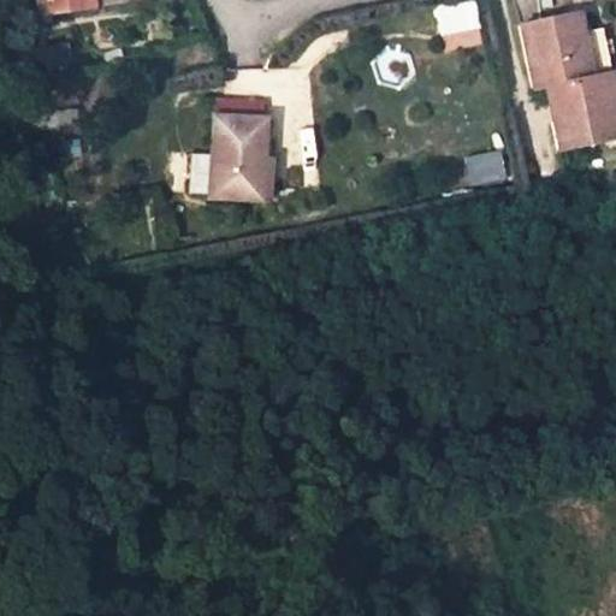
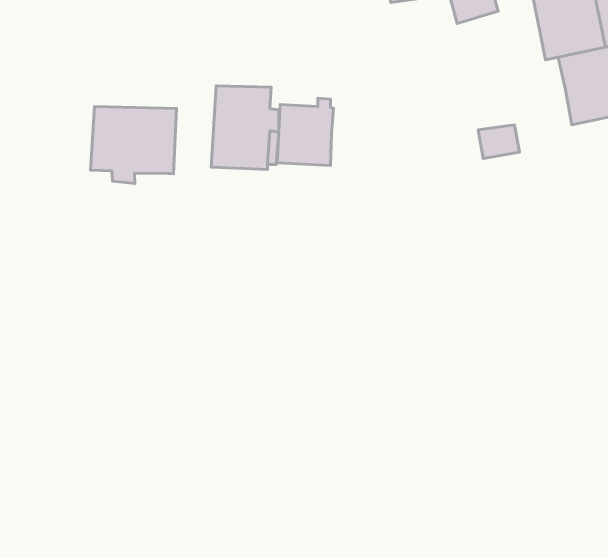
building: none -> [277,98,333,165]
building: none -> [91,106,177,183]

